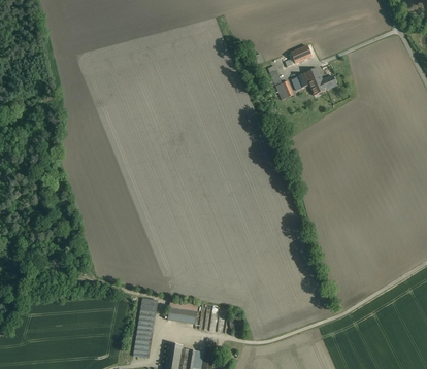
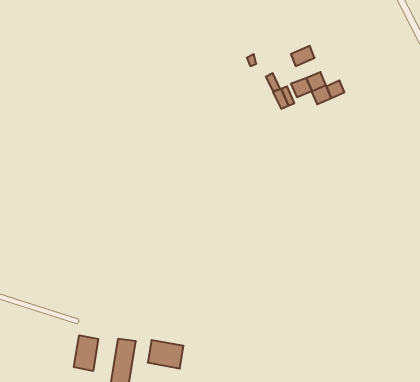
building: none -> [74,335,98,371]

